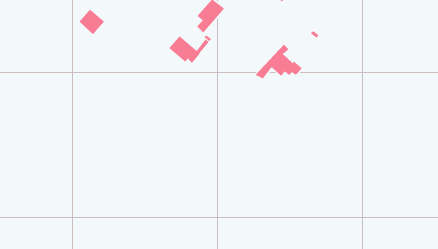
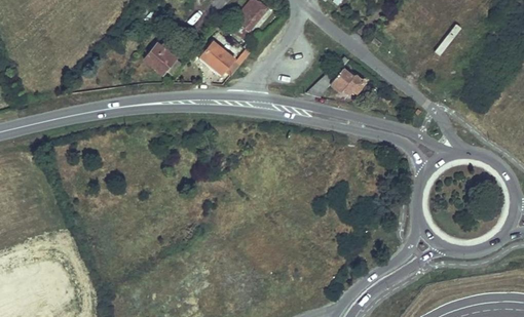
building: [78,8,105,35] -> [145,42,177,74]

